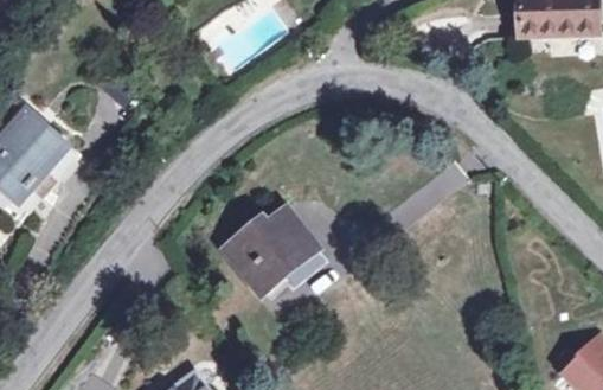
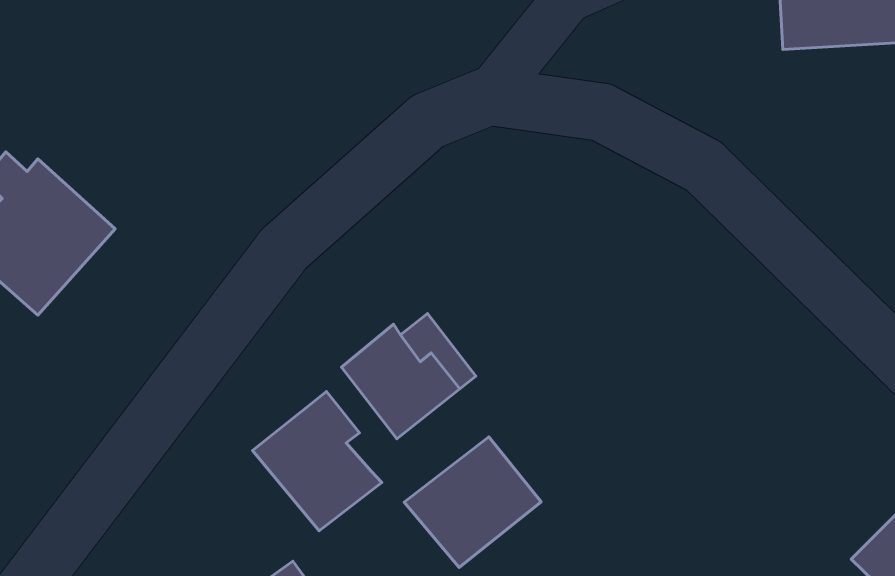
building: none -> [253,392,382,531]
building: none -> [404,437,541,568]

